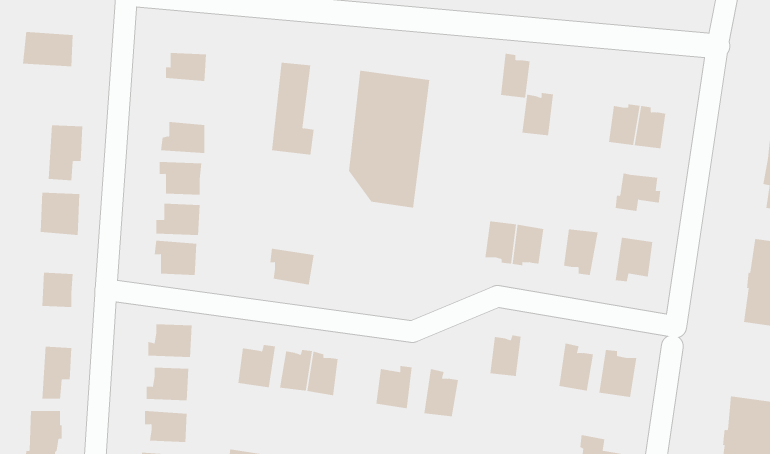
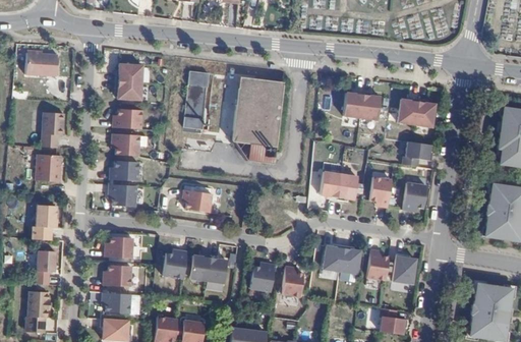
building: [500,53,531,98] -> [360,92,380,120]
building: none -> [116,81,142,101]
building: none -> [340,245,360,274]

